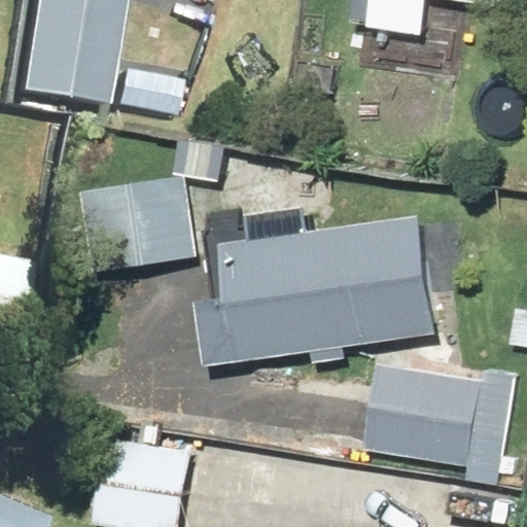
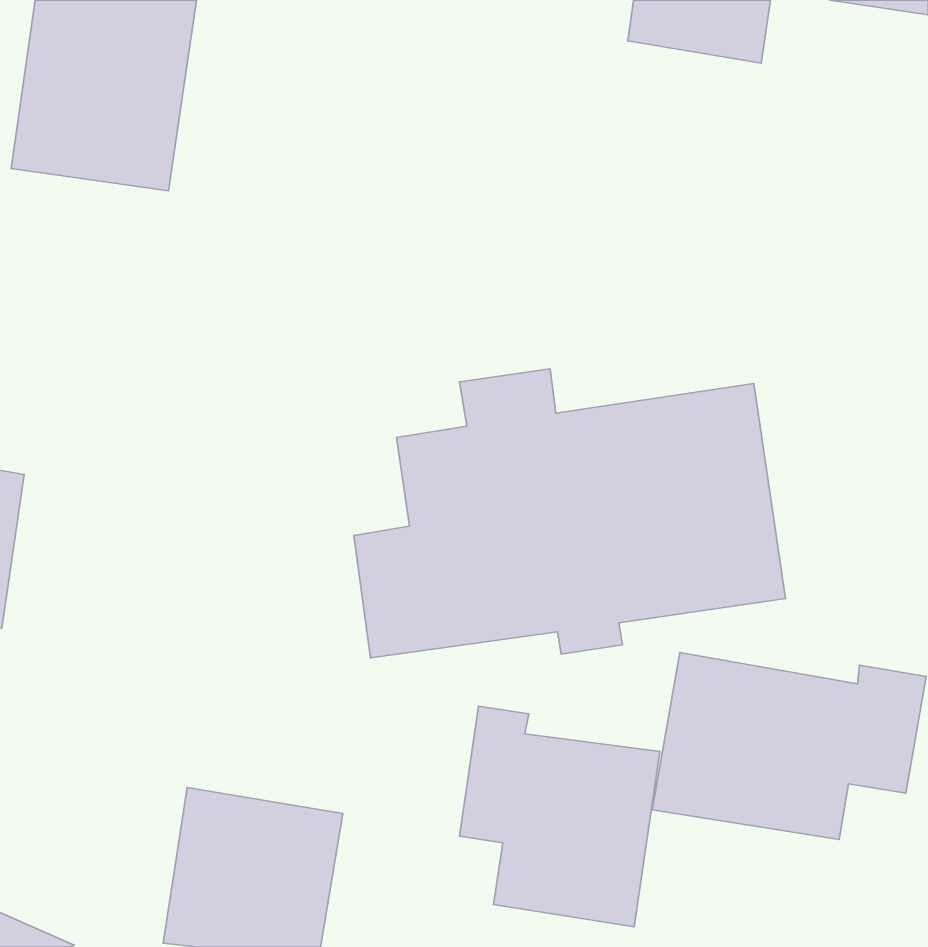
building: [74,175,195,271] -> none
building: none -> [459,706,660,927]

